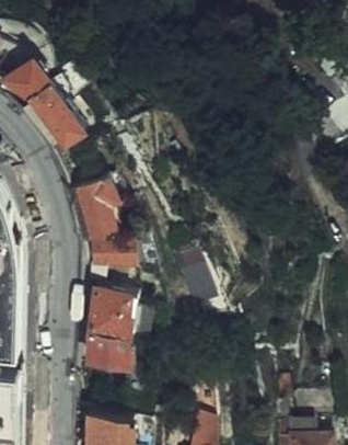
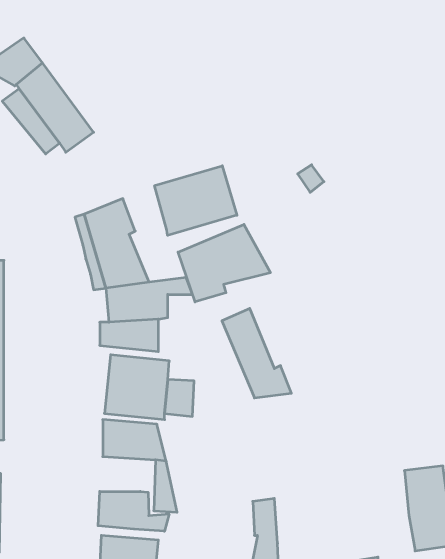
building: none -> [155,166,237,235]
building: none -> [178,224,270,302]
building: none -> [98,491,169,531]

